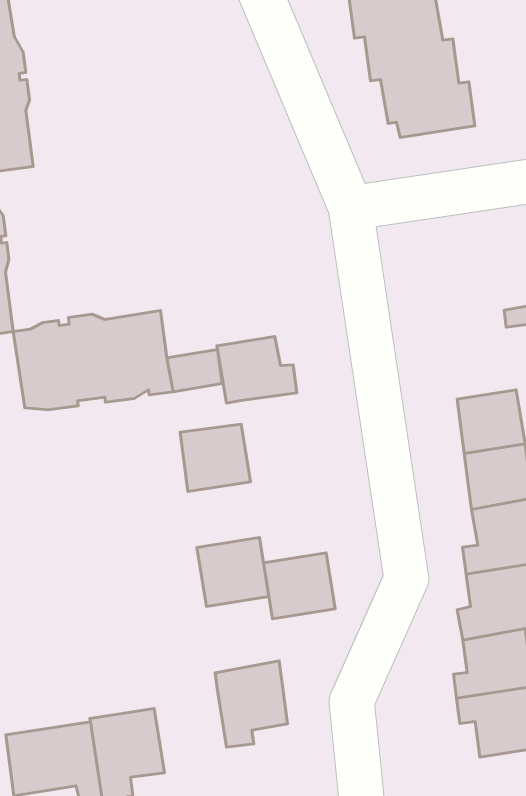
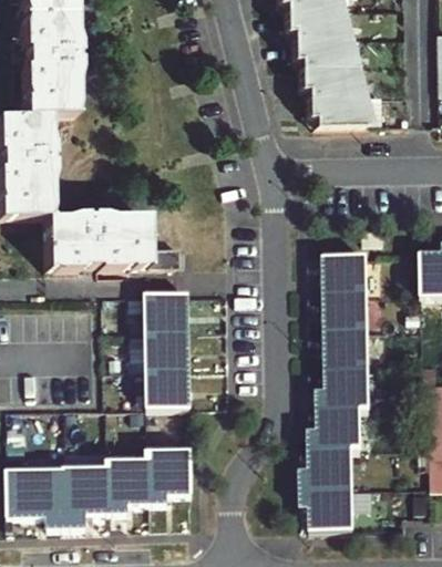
building: none -> [327,256,367,295]
building: [217,336,297,403] -> none
building: [264,553,335,619] -> [147,330,189,368]
building: none -> [107,460,151,509]

